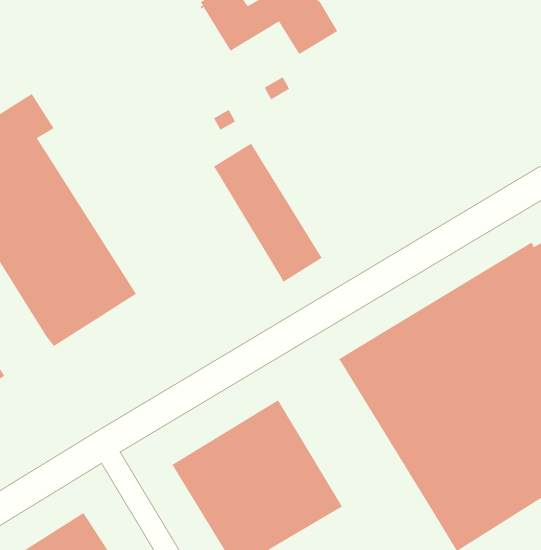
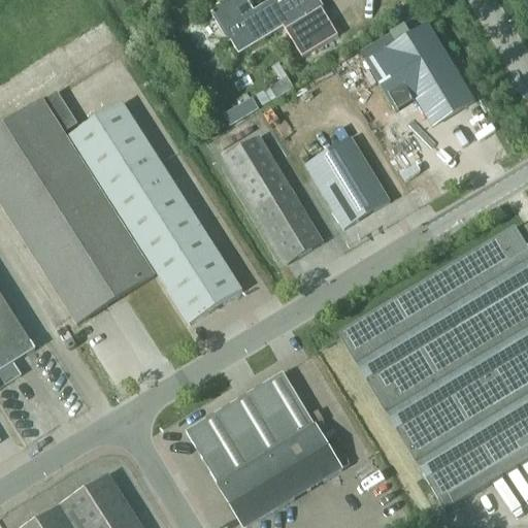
building: none -> [365,21,475,124]
building: none -> [70,102,239,322]
building: none -> [305,135,390,227]

